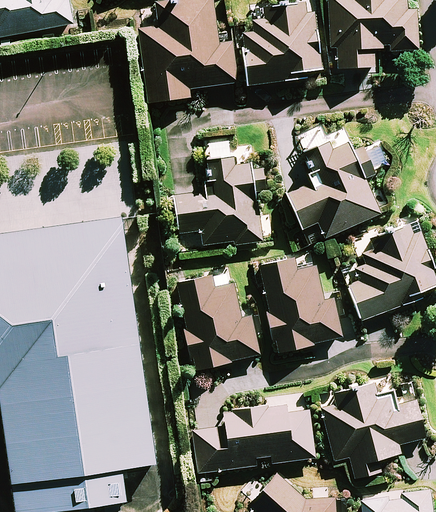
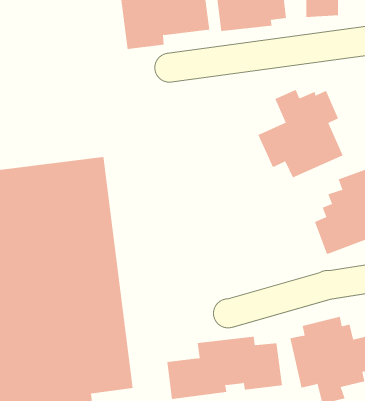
building: [178,158,264,244] -> none
building: [260,259,341,352] -> none
building: [178,275,258,368] -> none

